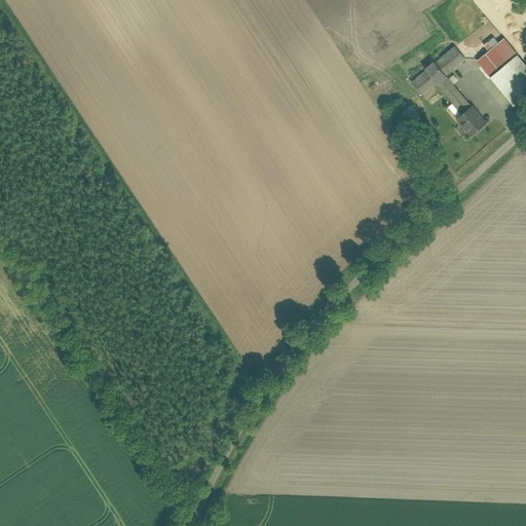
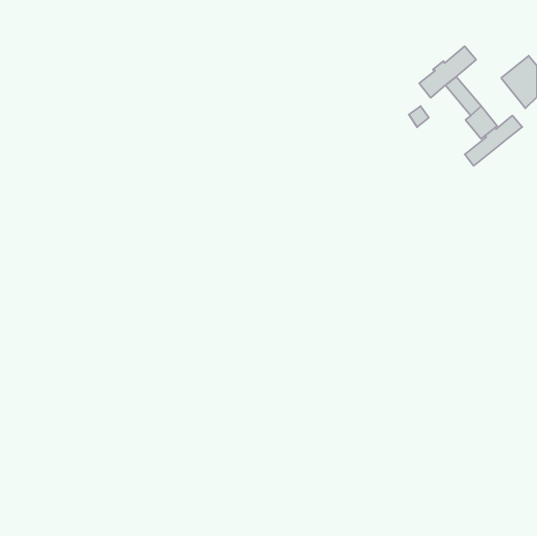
building: [476,38,517,77] -> none
building: none -> [465,116,522,166]

